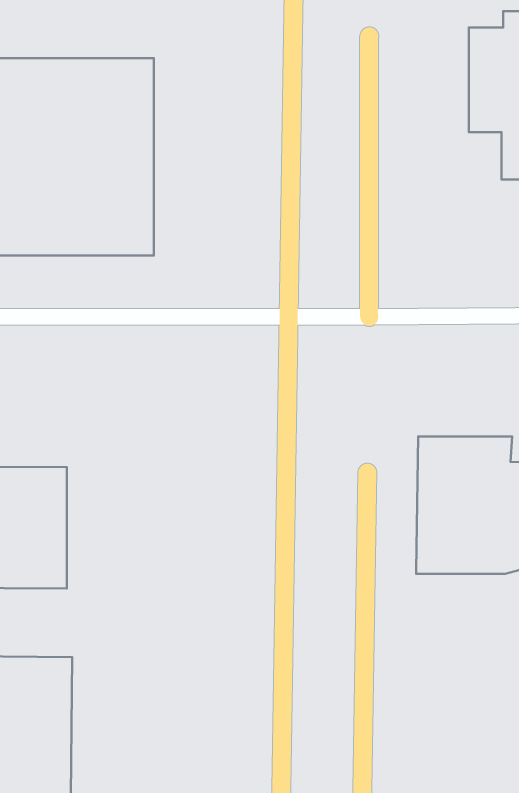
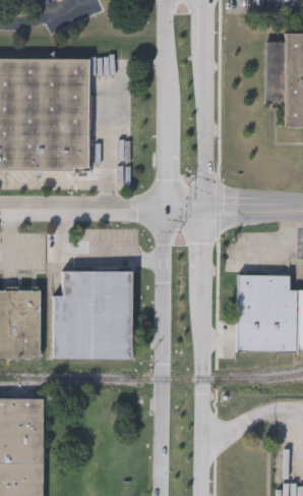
building: none -> [53,270,131,359]

